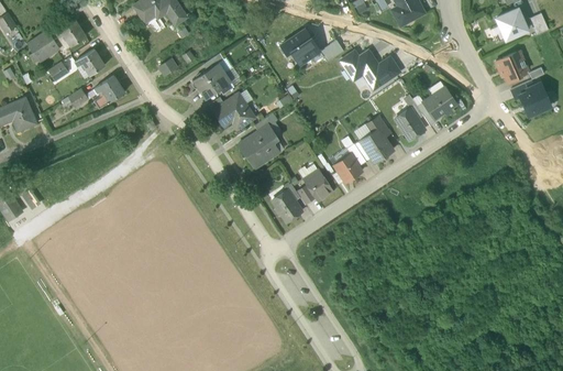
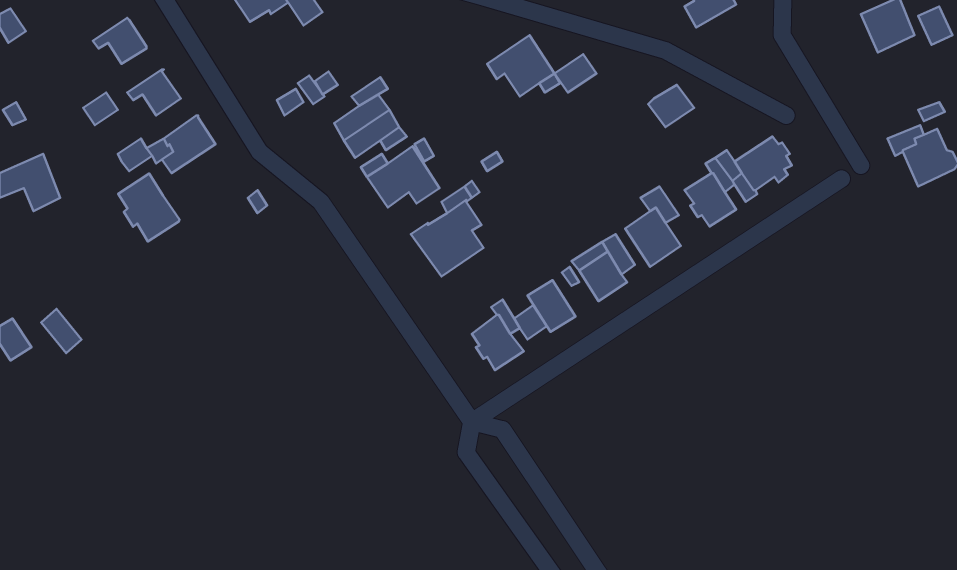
building: [27,31,59,62] -> none
building: [341,52,384,89] -> none
building: [496,53,528,83] -> none
building: none -> [118,174,180,242]

